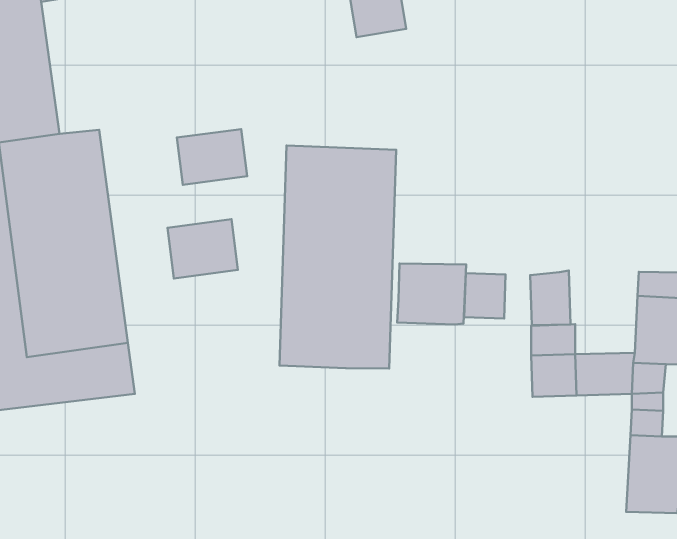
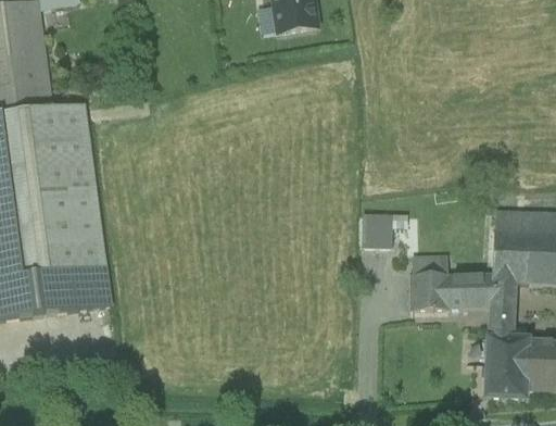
building: [177,129,247,185] -> none
building: [280,145,396,368] -> none
building: [168,219,238,278] -> none
building: [397,264,466,324] -> none
building: [530,270,570,325] -> none

